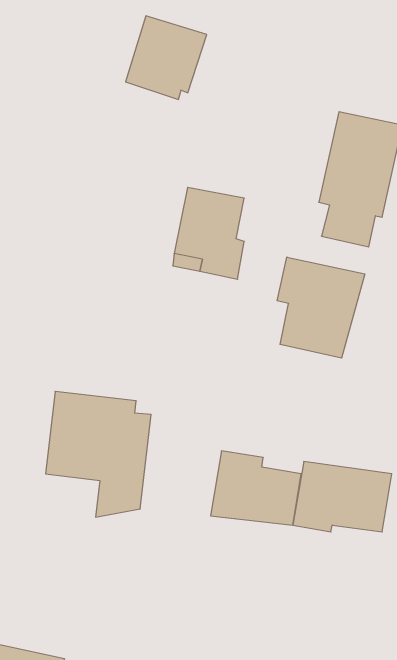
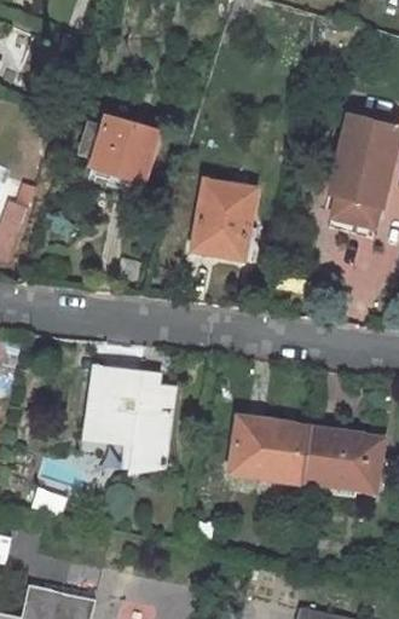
building: [126,16,207,99] -> [88,110,161,185]
building: [277,257,365,358] -> none

